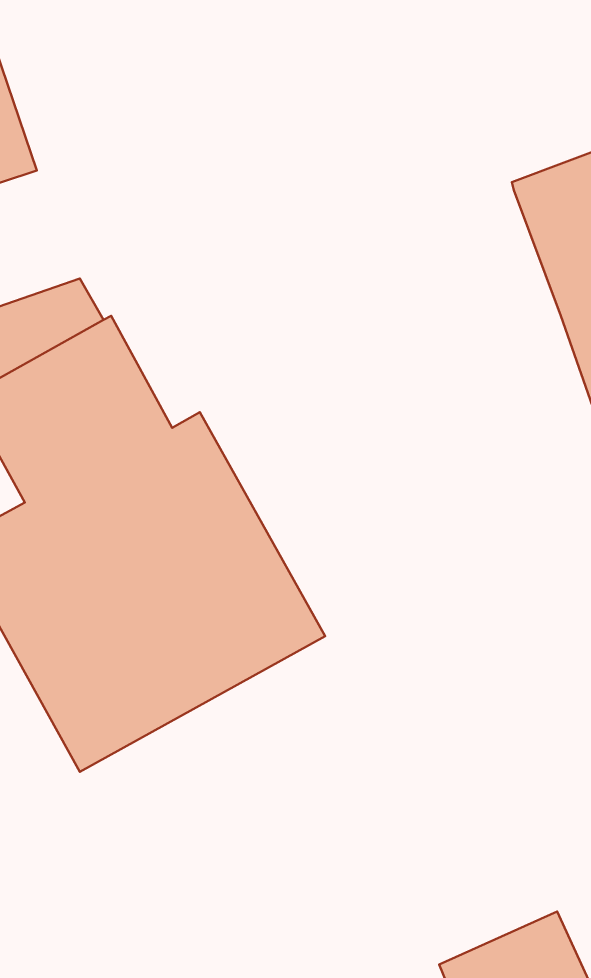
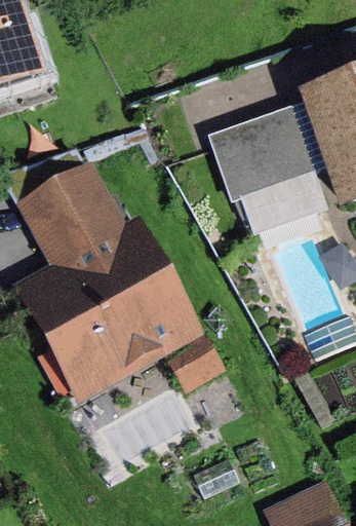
building: none -> [207,101,328,233]

